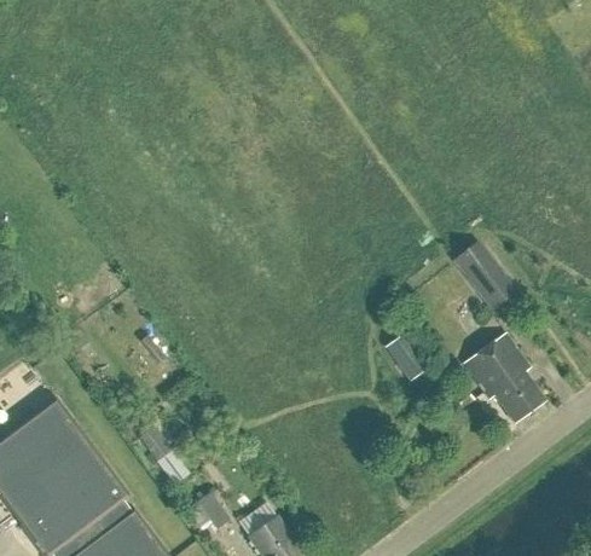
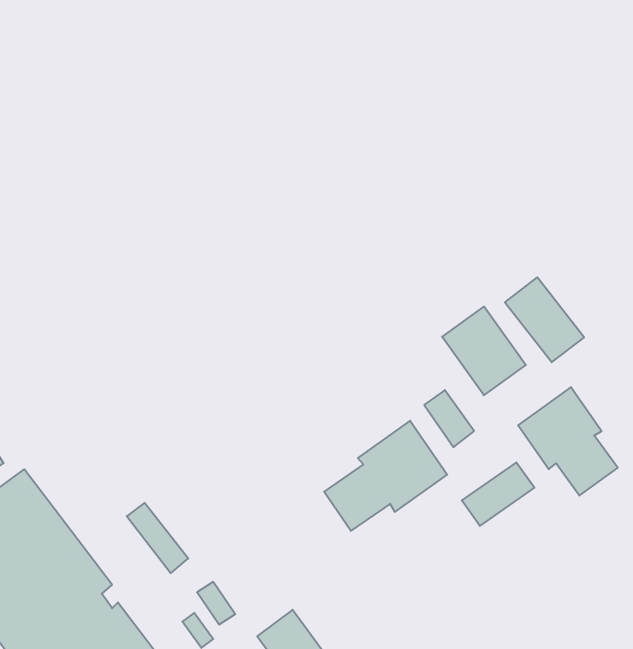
building: none -> [442,307,526,395]
building: none -> [324,421,447,531]
building: none -> [462,462,534,526]

